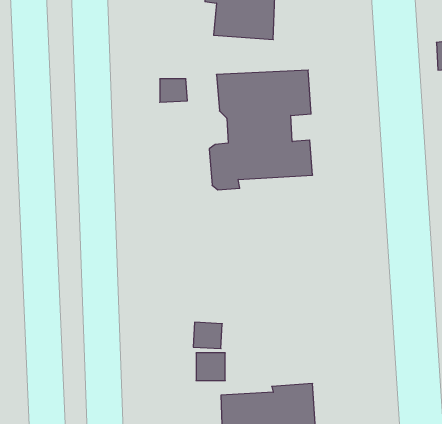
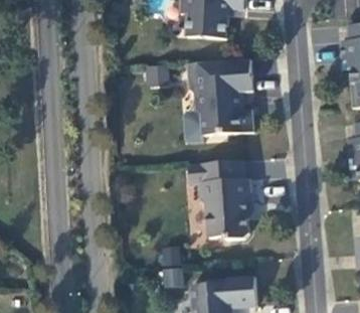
building: none -> [187,160,249,240]

